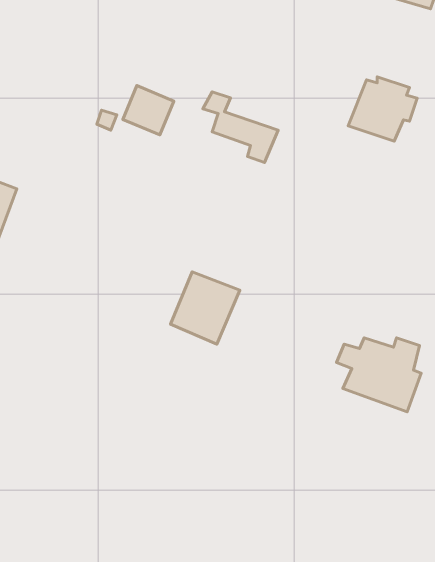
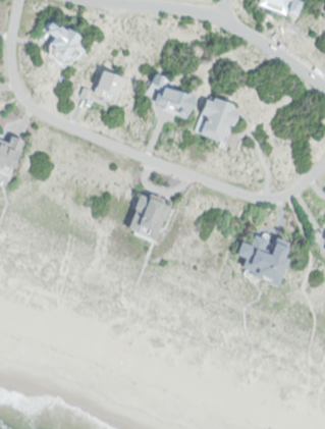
building: none -> [43,19,85,68]
building: [348,77,417,141] -> [195,98,240,141]

